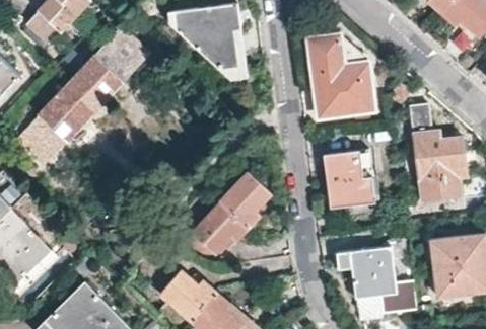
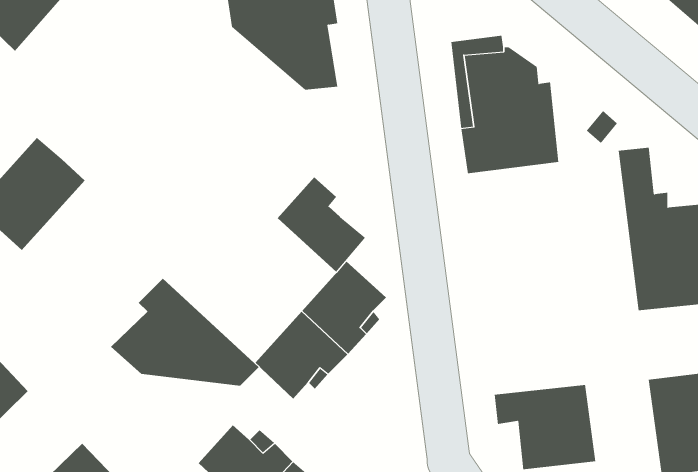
building: [58,24,151,122] -> none
building: none -> [277,176,366,273]
building: [325,150,372,203] -> none
building: none -> [110,278,259,387]

